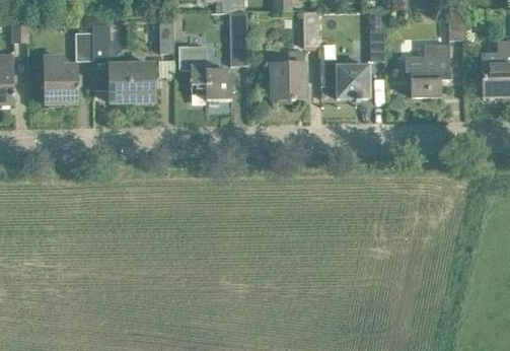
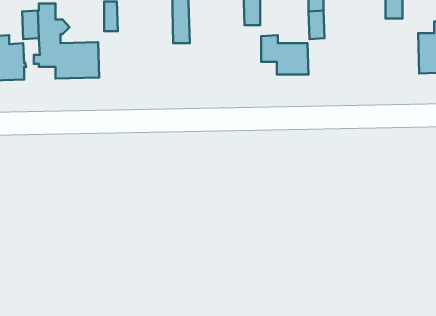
building: [405,44,450,97] -> none
building: [177,45,231,99] -> none
building: [272,51,304,98] -> none

